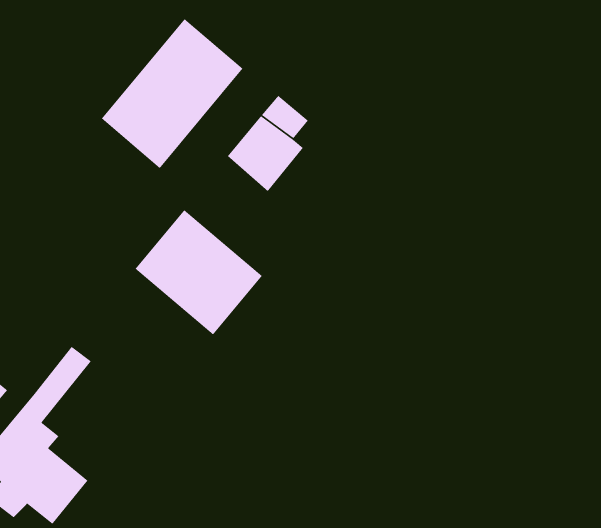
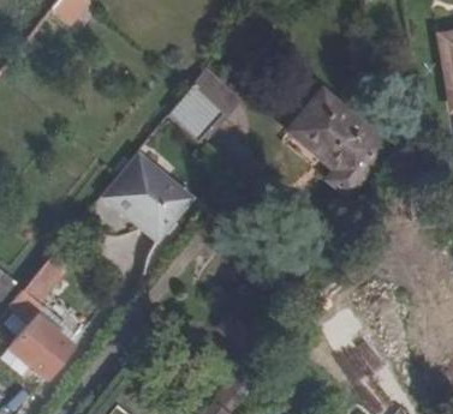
building: [101,18,244,169] -> none
building: none -> [300,89,399,192]

